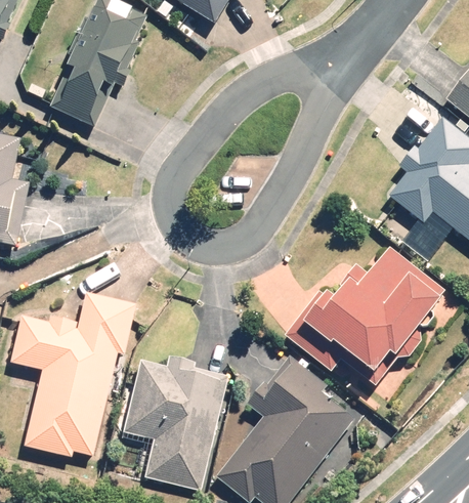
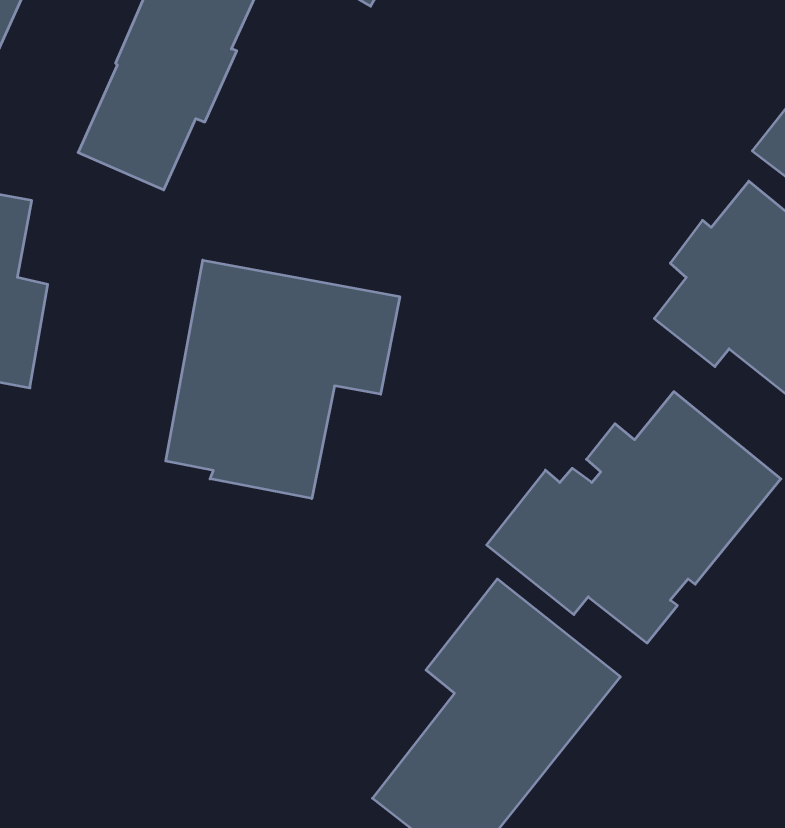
building: none -> [166,260,400,499]
building: [12,293,139,456] -> none
building: [127,358,224,490] -> none

